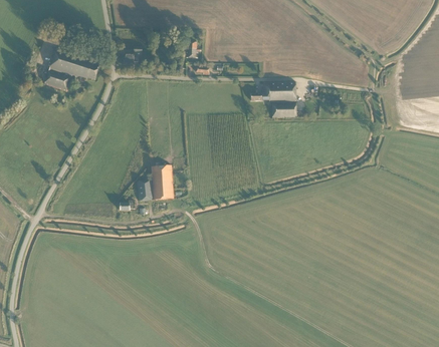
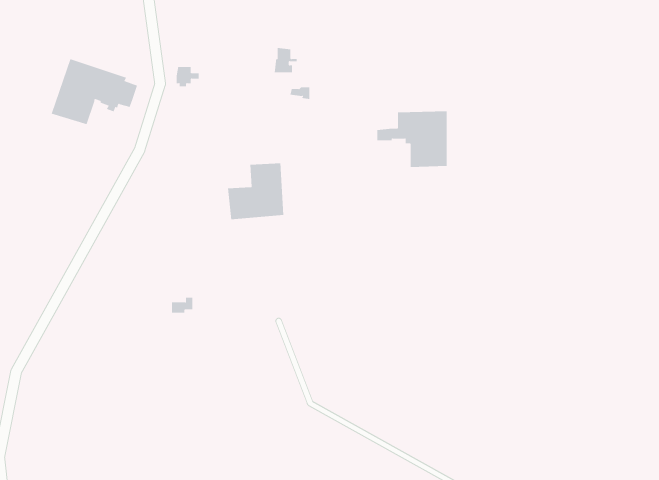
building: [137,165,173,202] -> [227,163,284,220]

